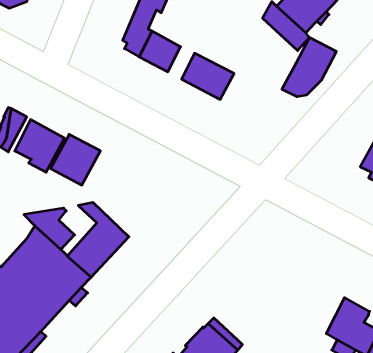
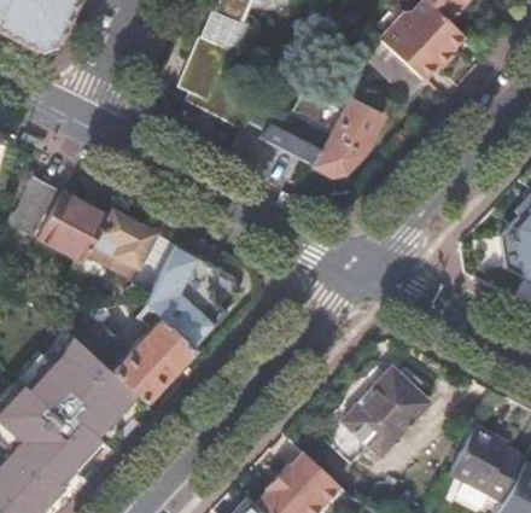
building: [282,38,336,97] -> [311,98,383,175]
building: none -> [145,244,239,345]
building: none -> [343,367,430,455]

